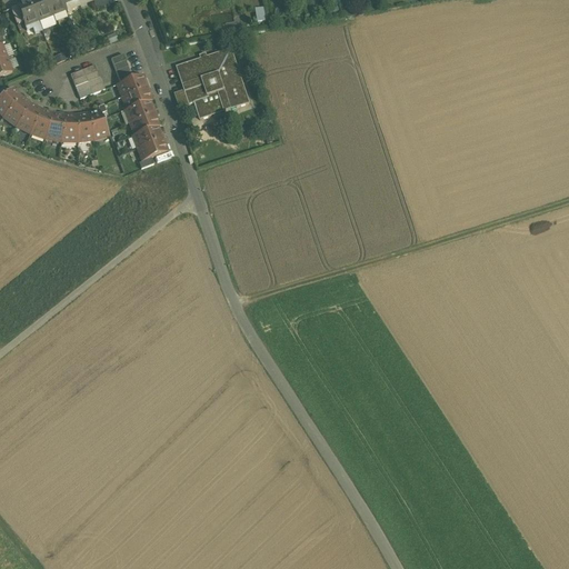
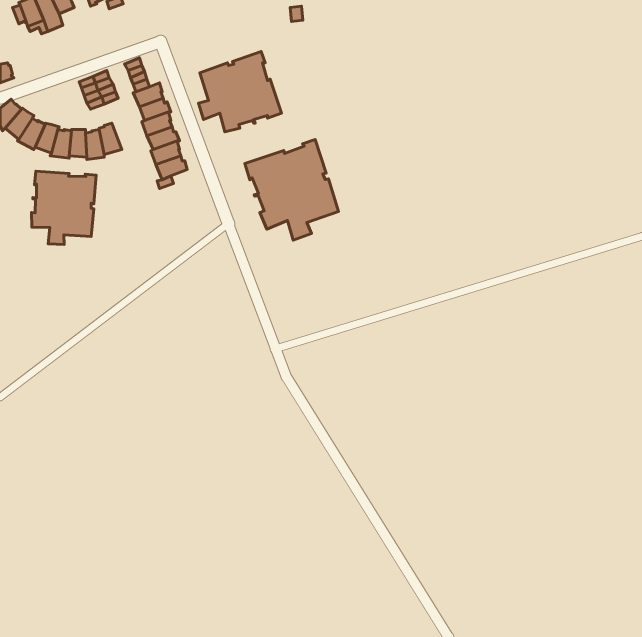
building: none -> [245,139,338,240]
building: none -> [32,171,96,245]

